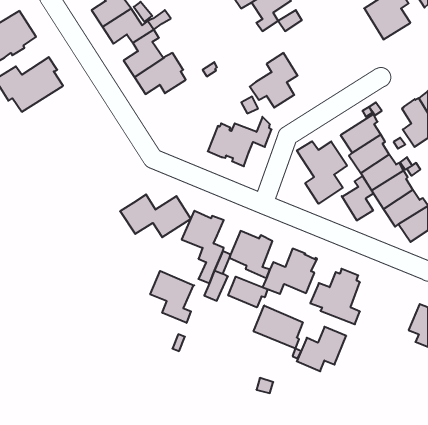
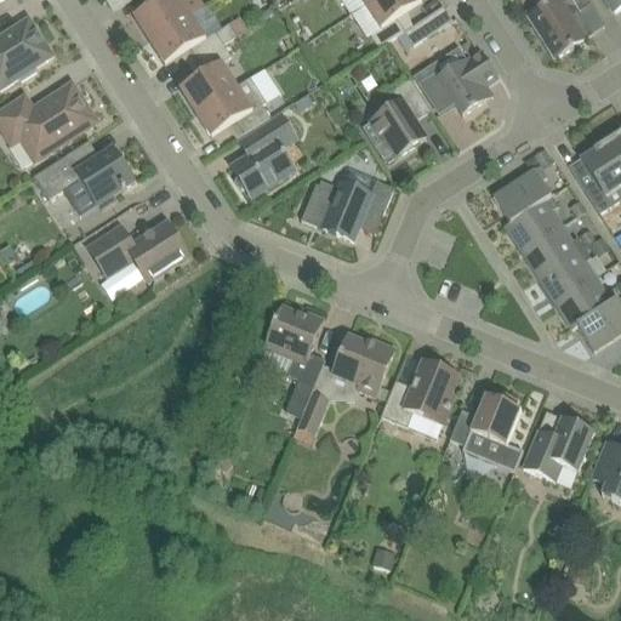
building: none -> [437,50,497,113]
building: none -> [230,113,297,196]
building: none -> [33,147,133,215]
building: [297,141,347,204] -> none
building: [342,176,373,221] -> none
building: [120,194,191,237] -> [85,220,187,281]
building: [150,271,194,323] -> none
building: [228,277,267,307] -> none
building: [254,305,303,349] -> none
building: [297,327,346,371] -> [520,416,592,480]

